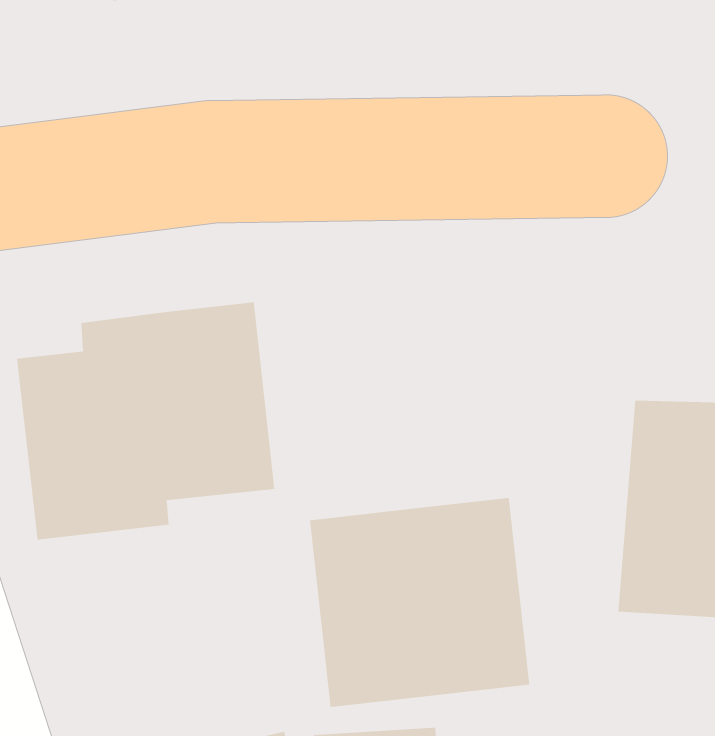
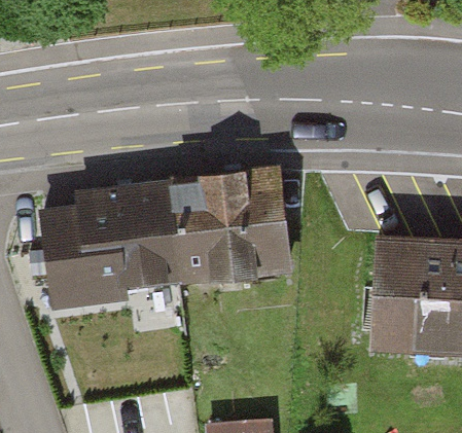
building: [309,498,530,707] -> [173,171,293,285]

